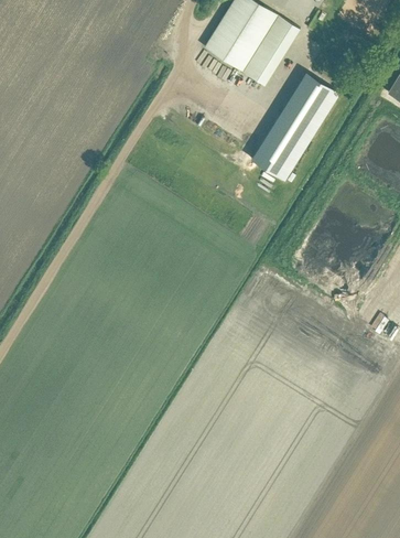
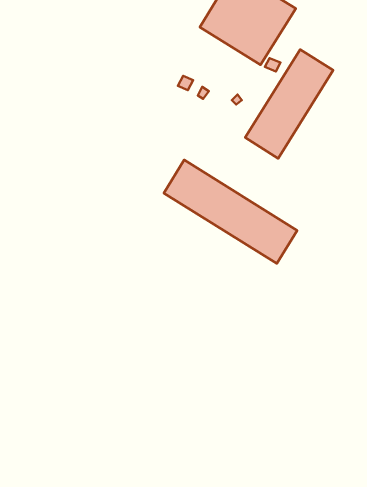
building: none -> [164,160,297,264]

